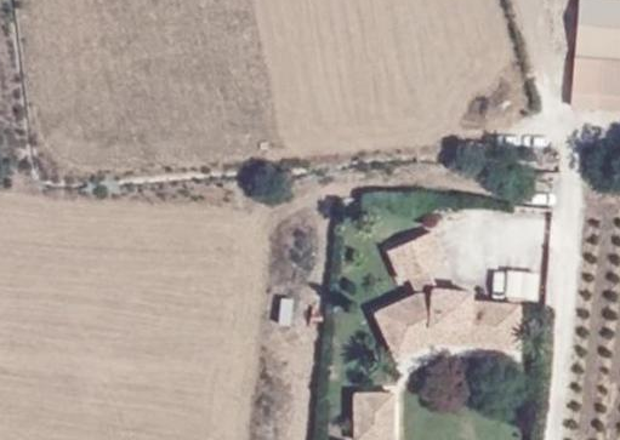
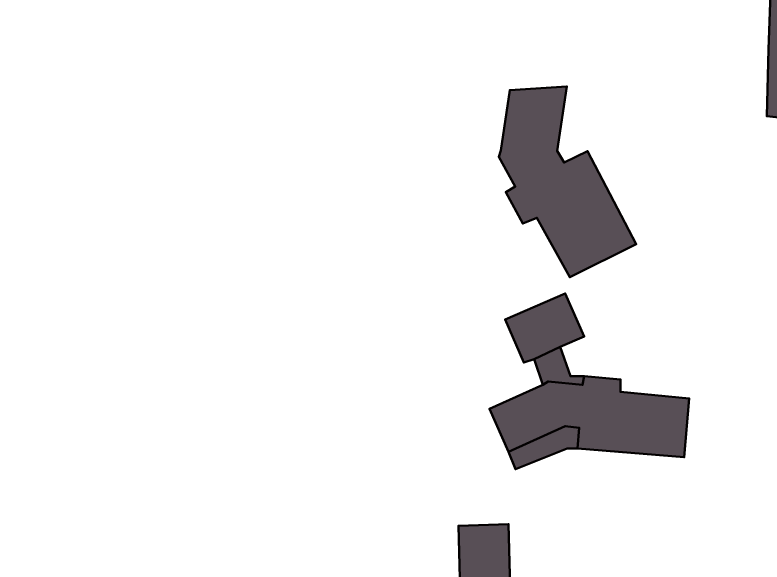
building: none -> [499,87,636,277]

